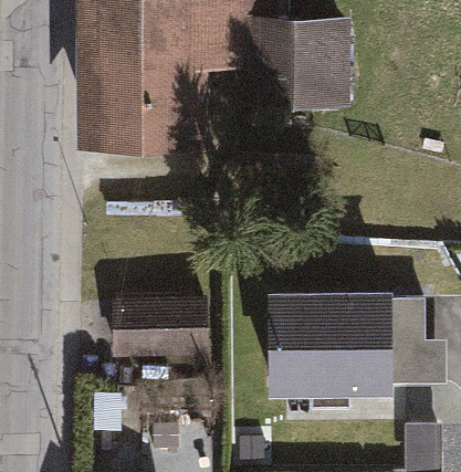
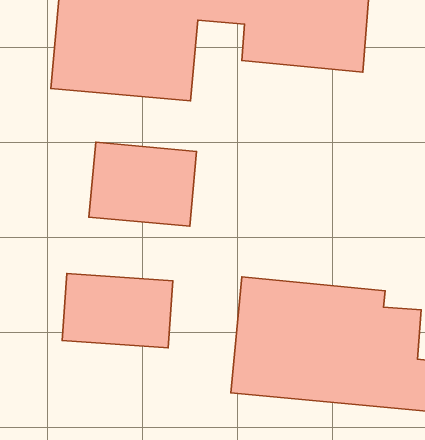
building: none -> [89,142,197,226]

